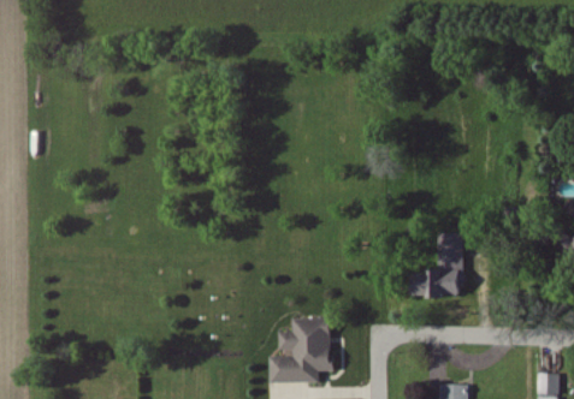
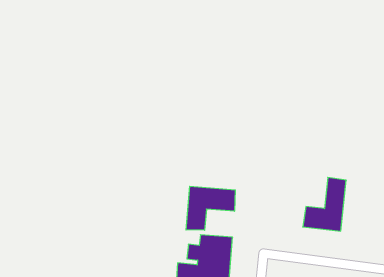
building: none -> [186,186,235,230]

